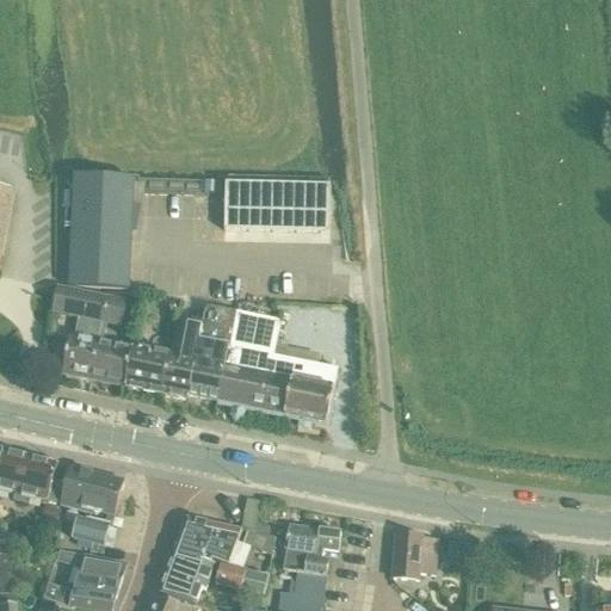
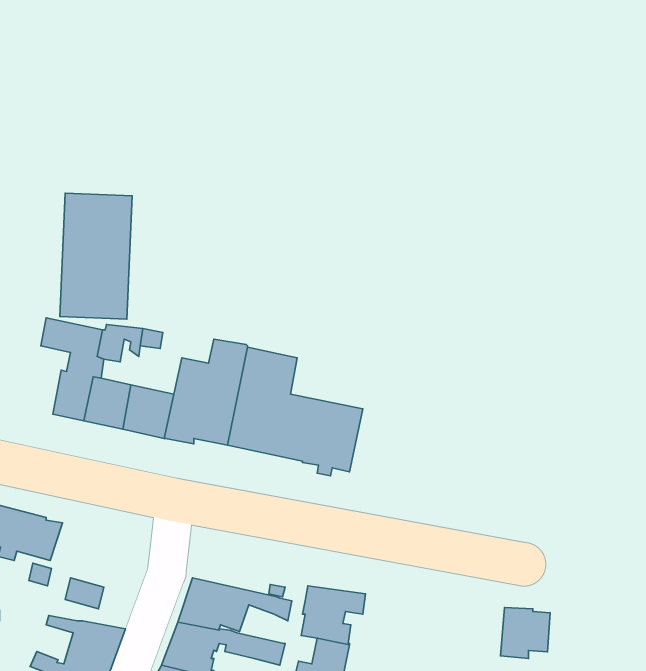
building: [222,180,327,229] -> none
building: [58,465,123,514] -> none
building: [391,532,436,578] -> [500,608,550,659]

